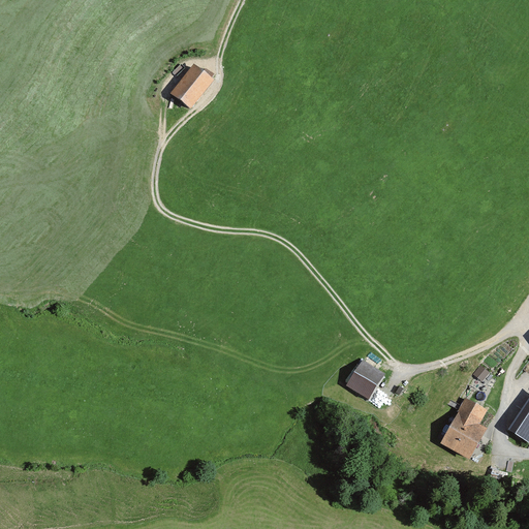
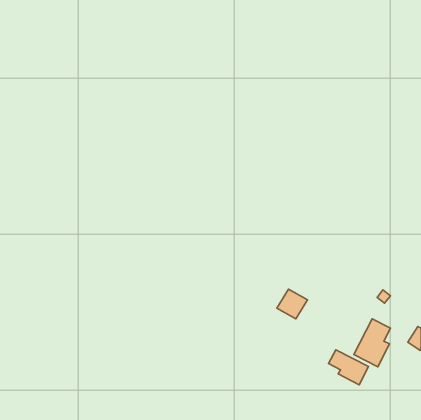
building: [170,65,212,108] -> none
building: none -> [328,350,368,385]

